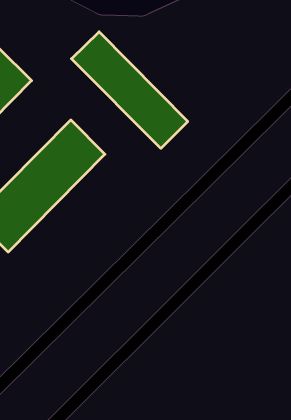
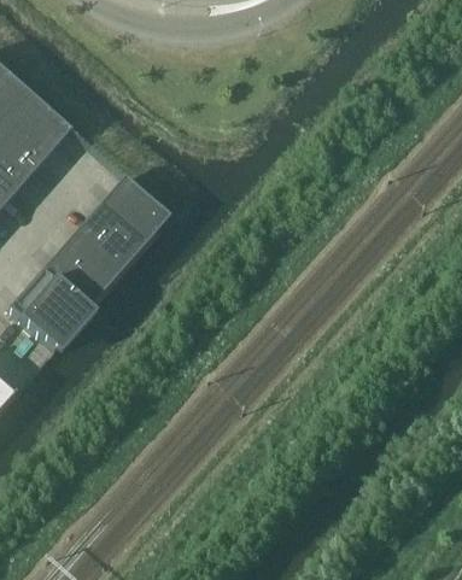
building: [71,32,188,148] -> none

